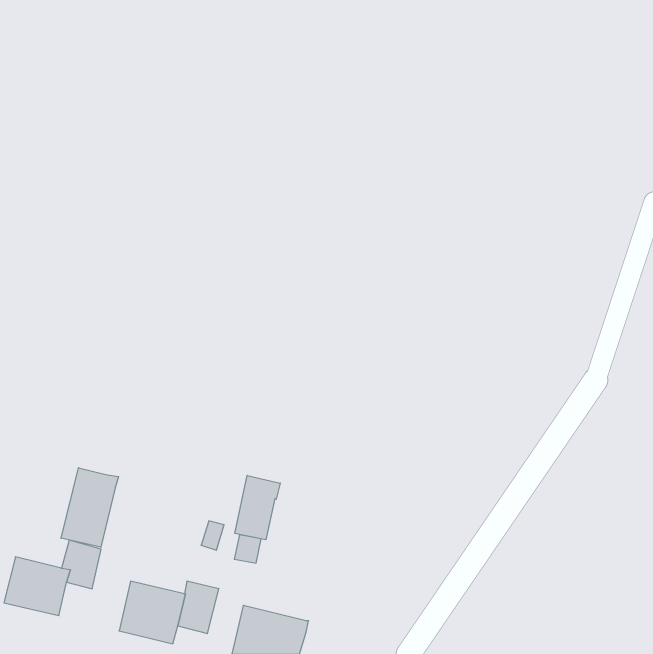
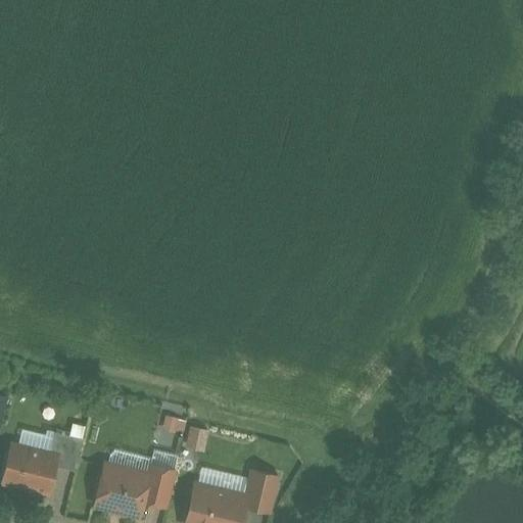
building: [61,468,119,547] -> none
building: [235,475,280,540] -> none
building: none -> [245,469,279,511]

